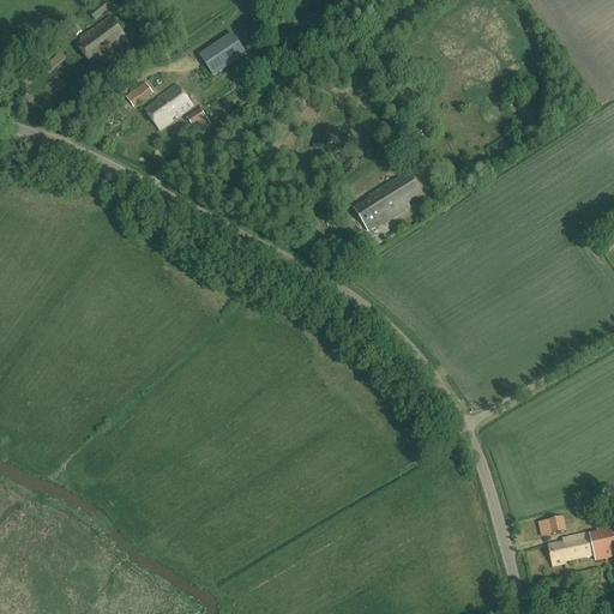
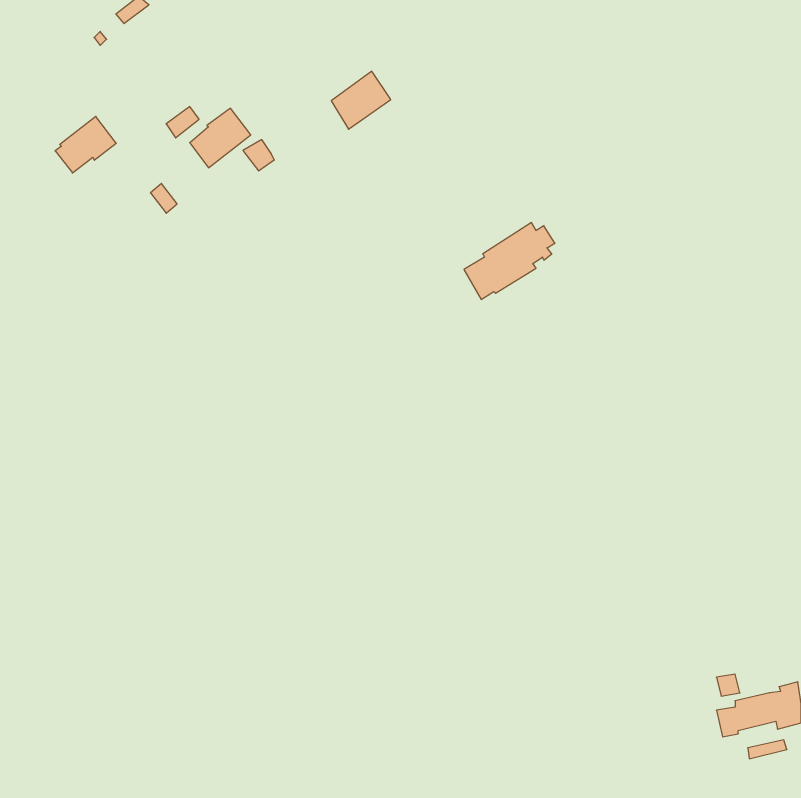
building: [78,17,125,60] -> [55,116,116,173]
building: [200,31,246,76] -> [331,71,391,129]

